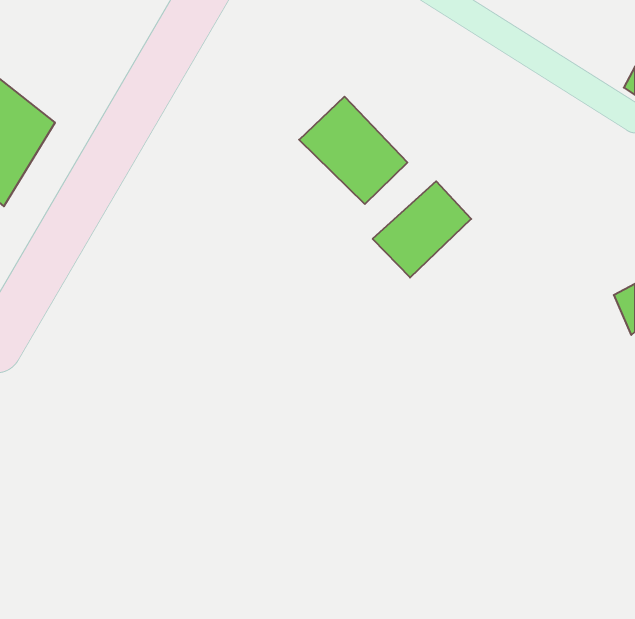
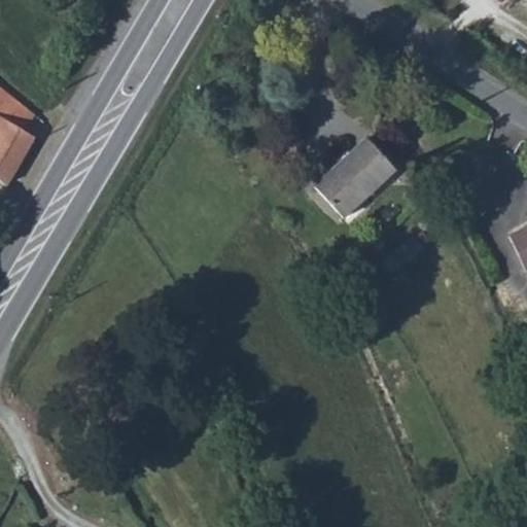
building: [299,97,407,204] -> none

